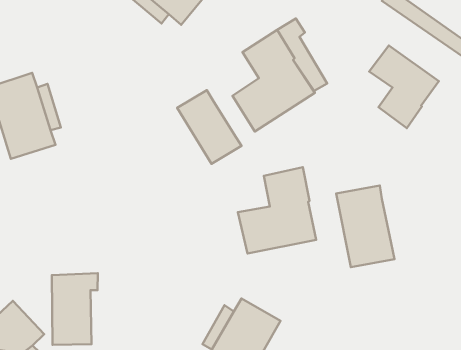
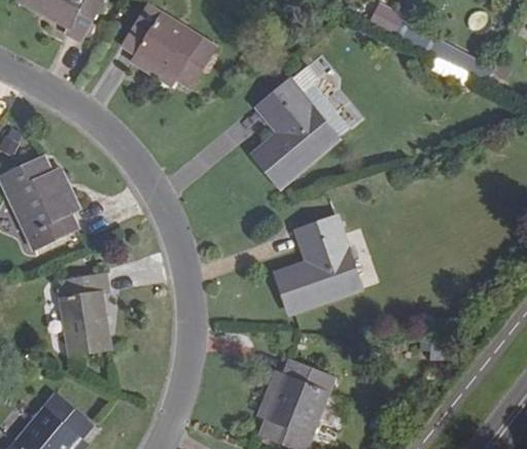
building: [369,46,439,128] -> none
building: [177,90,241,164] -> none
building: [336,185,395,267] -> none
building: [52,273,98,345] -> [59,274,109,354]

